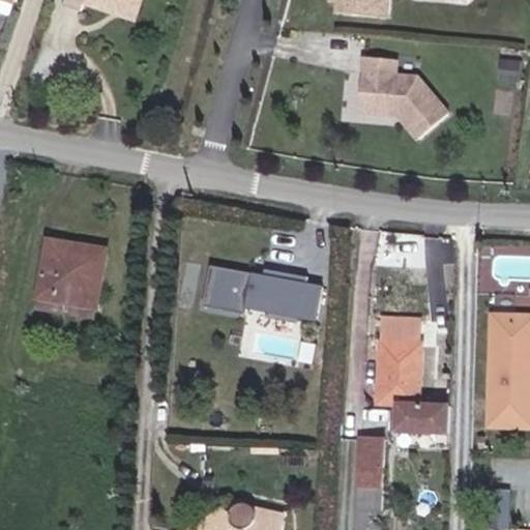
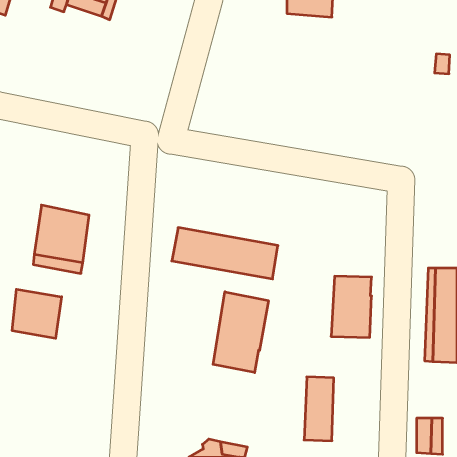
building: [354,60,444,143] -> none
building: none -> [12,289,62,338]
building: none -> [213,292,268,373]
building: [381,387,449,431] -> none

